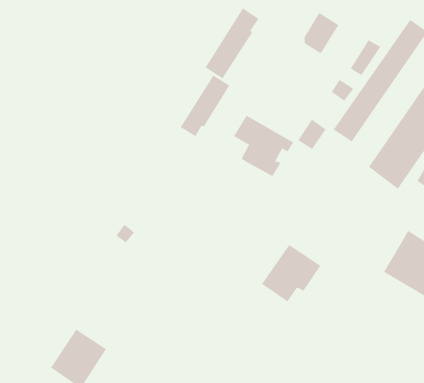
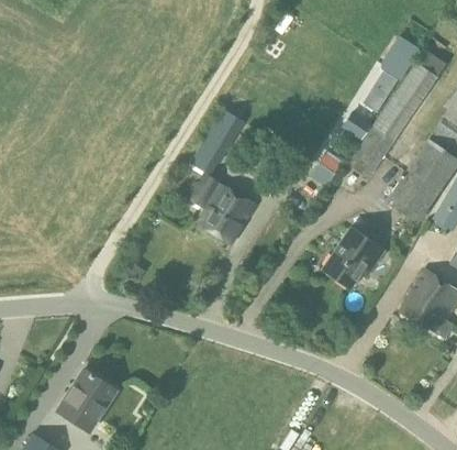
building: [205,8,259,79] -> none
building: [304,12,339,54] -> [382,39,419,81]
building: [233,115,294,177] -> [192,177,255,241]
building: [261,244,321,302] -> [323,229,384,288]

